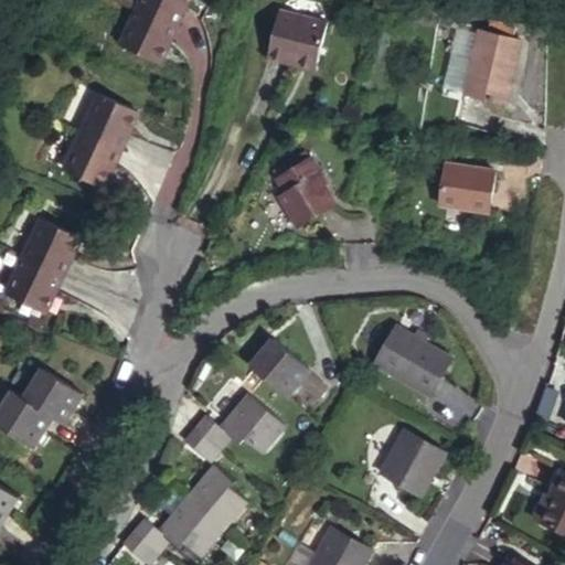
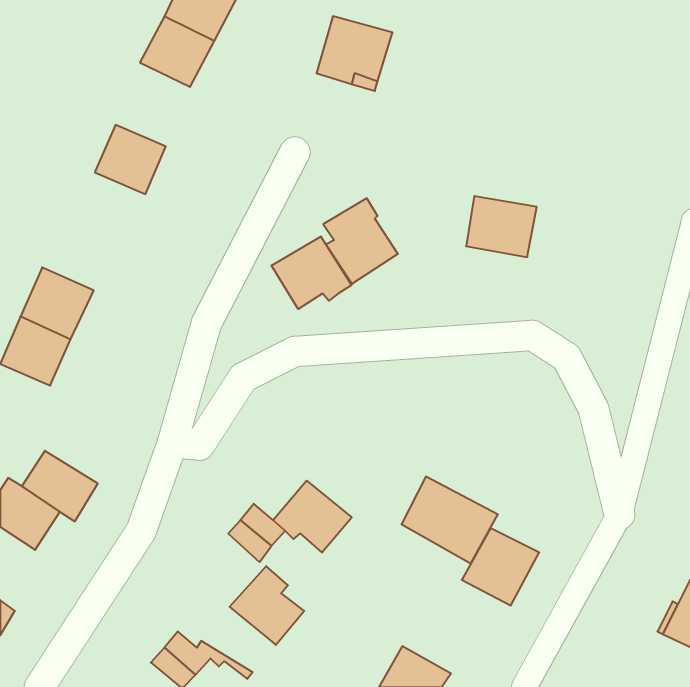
building: [460,30,512,99] -> none
building: [64,140,121,195] -> none
building: [448,169,505,218] -> [466,196,537,257]
building: none -> [271,236,351,309]
building: [371,324,449,395] -> [401,477,498,563]
building: [250,332,312,392] -> none
building: [167,493,227,546] -> none

